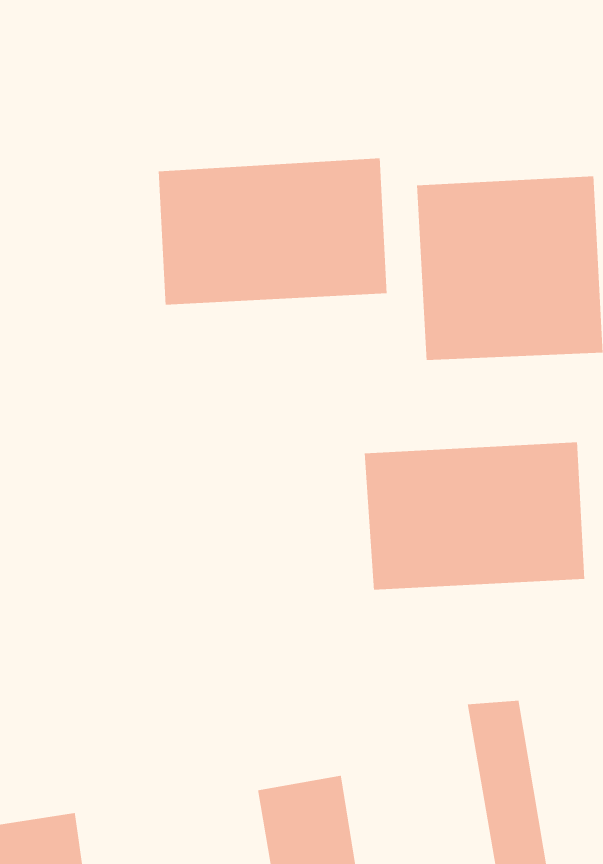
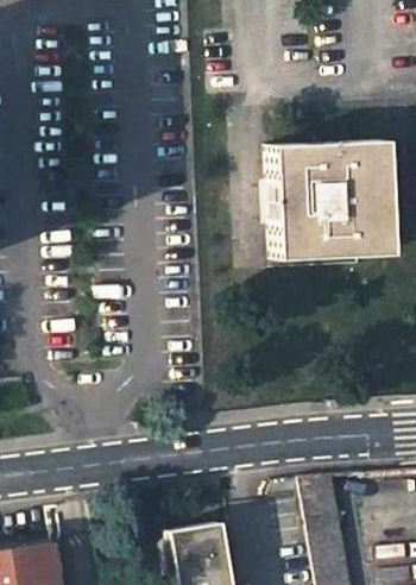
building: [158,158,388,306] -> none
building: [364,442,585,591] -> none

